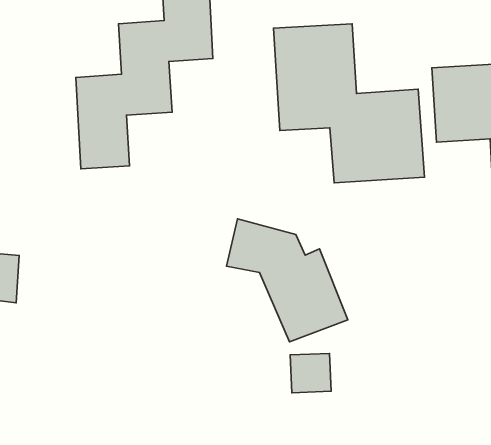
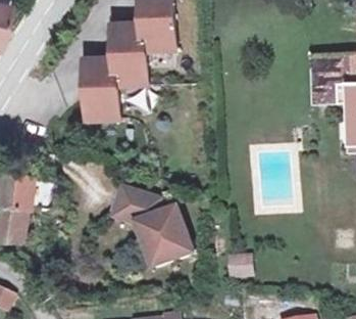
building: [274,24,424,183] -> none
building: [226,219,348,342] -> [112,183,191,263]

